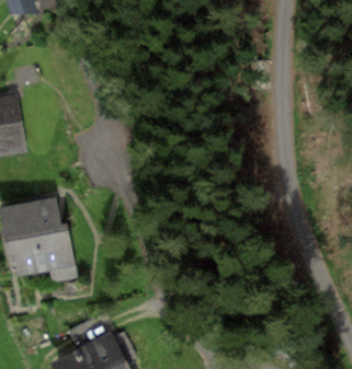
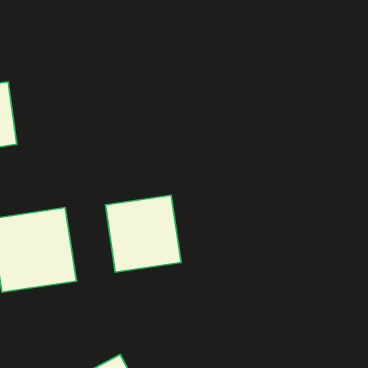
building: none -> [105,195,181,272]

